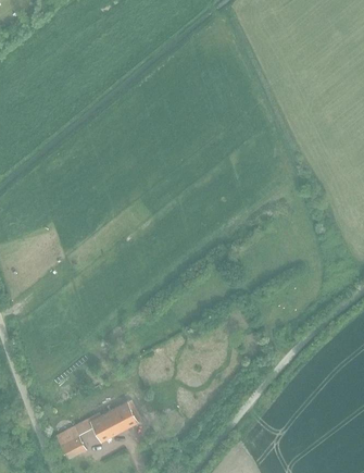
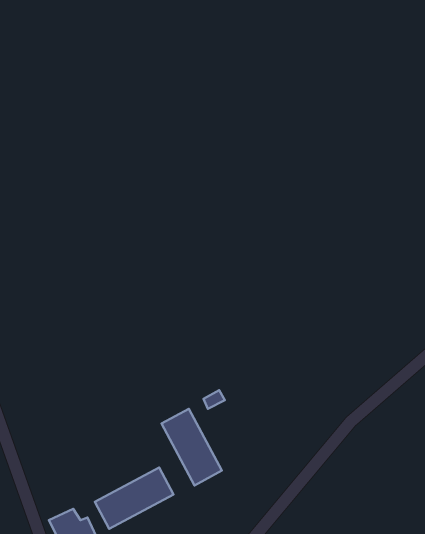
building: none -> [161,409,222,486]

